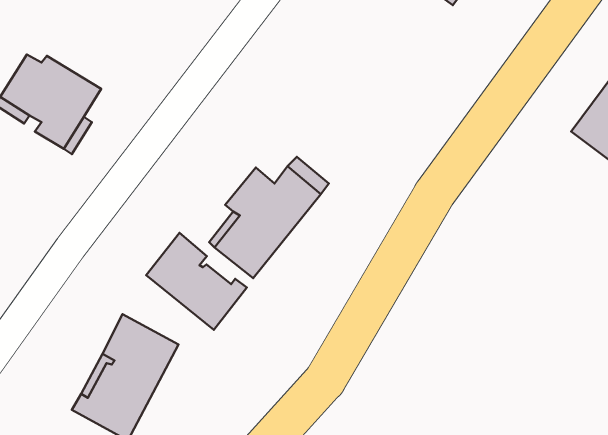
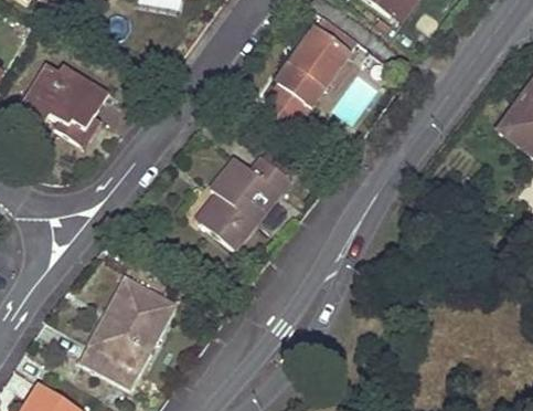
building: none -> [267,29,348,118]
building: [146,233,247,330] -> none

